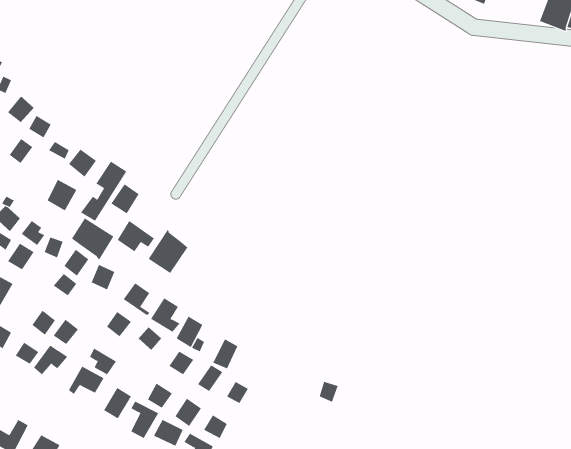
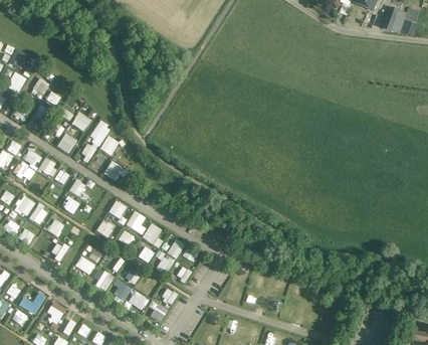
building: [71,218,114,260] -> none
building: [148,229,188,274] -> none

